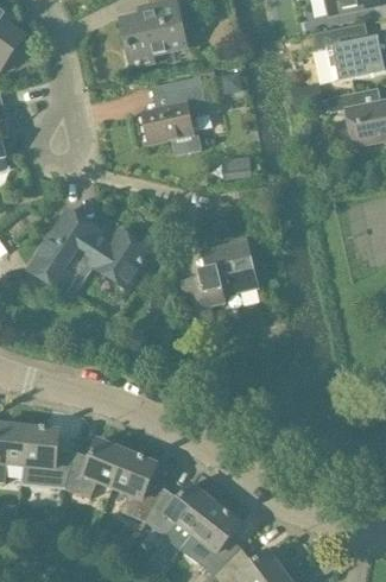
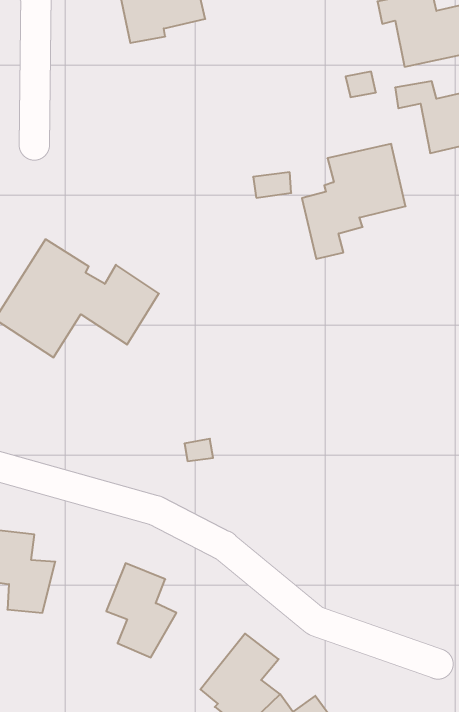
building: [141,84,208,156] -> none
building: [181,239,258,324] -> [302,144,406,259]
building: [64,438,126,498] -> none
building: [145,482,215,537] -> none

